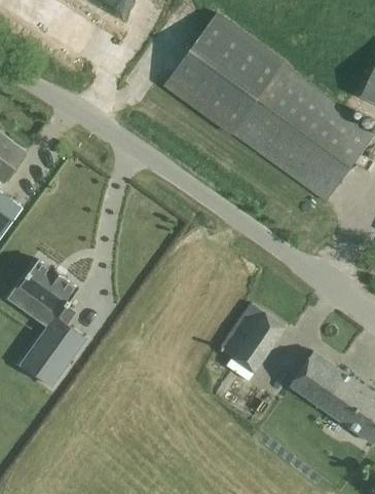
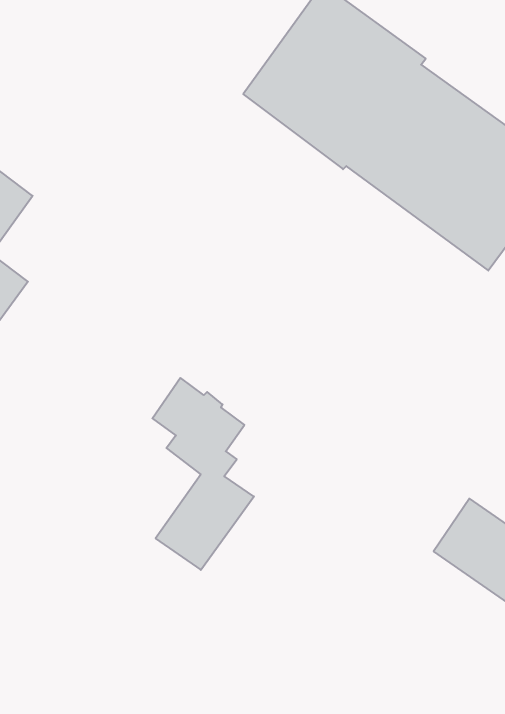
building: [18,260,85,386] -> [152,378,254,570]
building: [219,304,285,373] -> none

